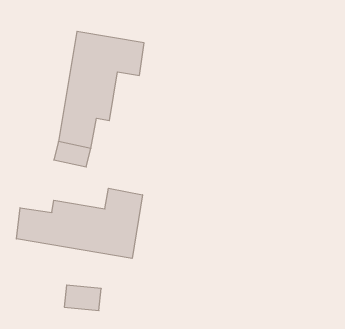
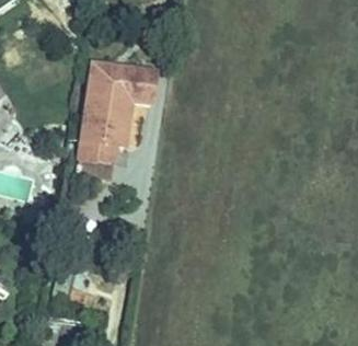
building: [16,188,142,258] -> none

